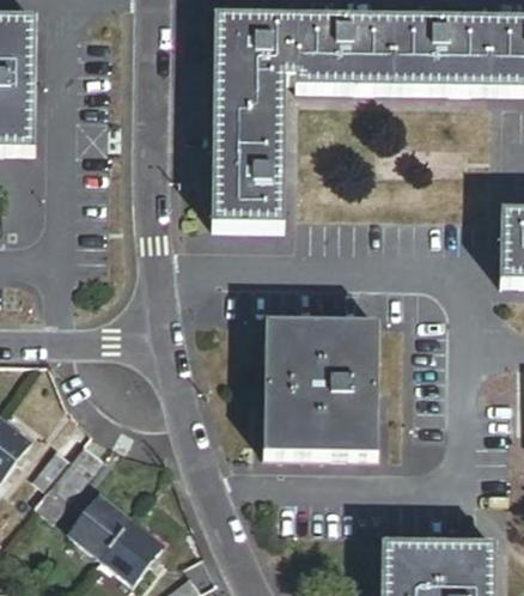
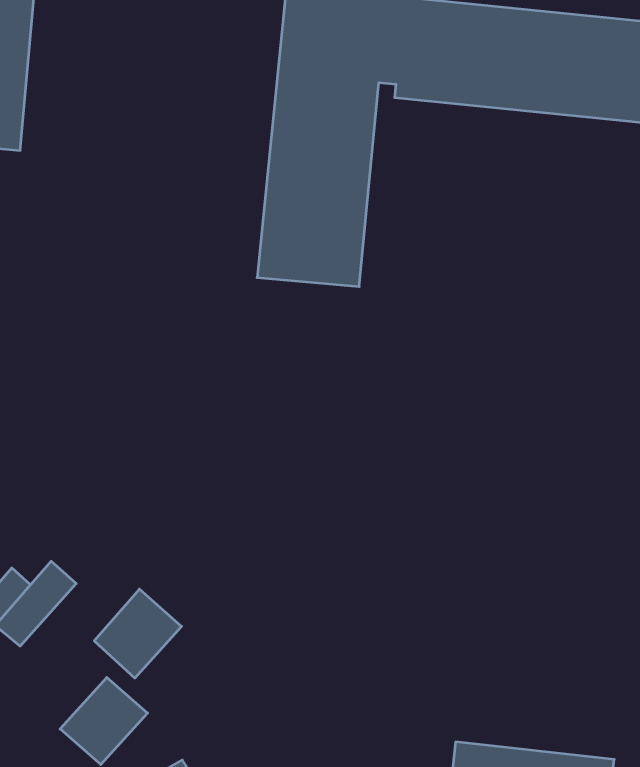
building: [263,321,378,456] -> none
building: [68,495,129,559] -> [94,589,182,678]

